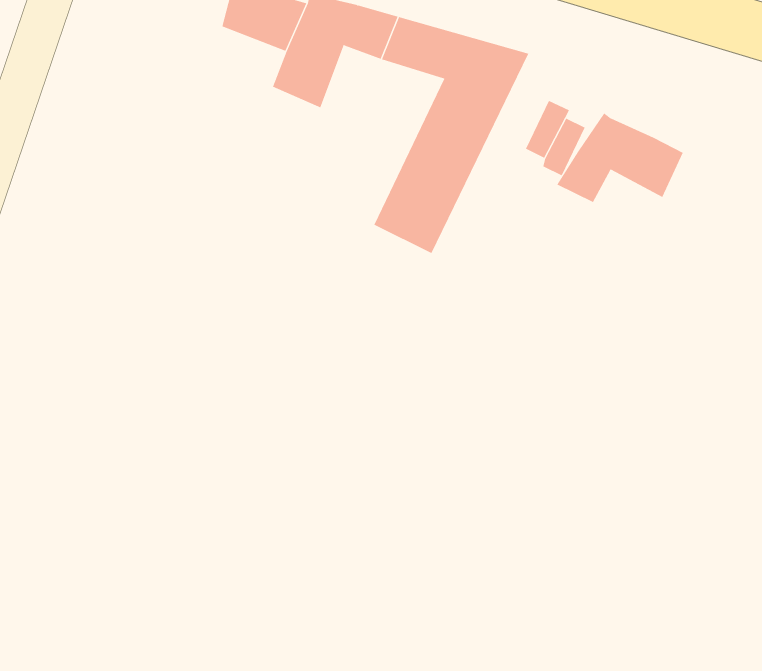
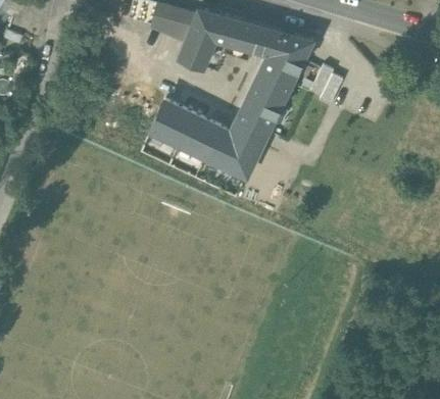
building: [557,112,683,203] -> none
building: none -> [151,101,261,177]

